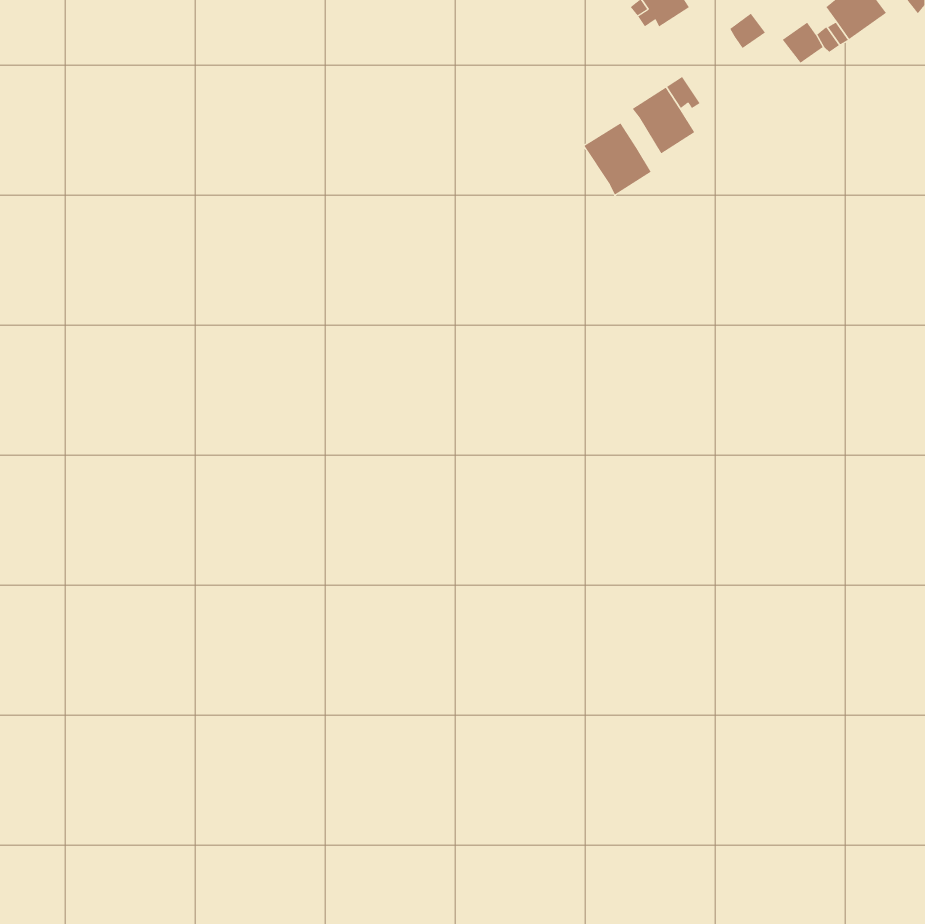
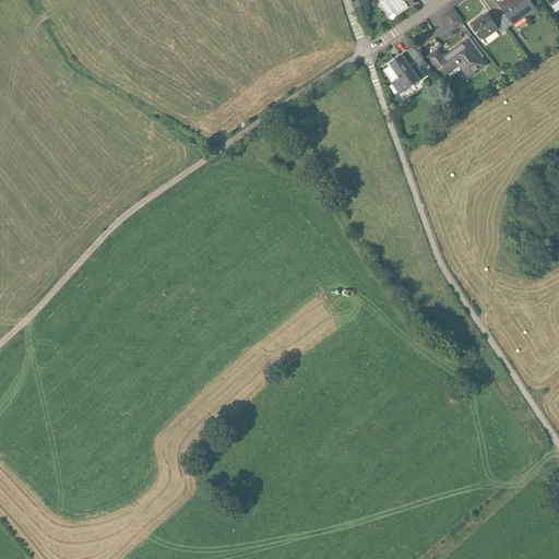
building: none -> [427,38,486,78]
building: [584,122,652,196] -> none

